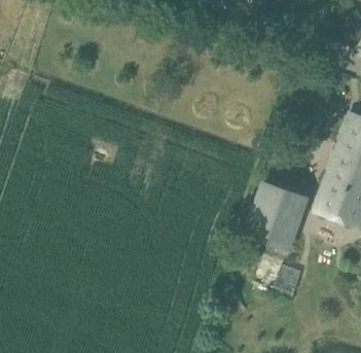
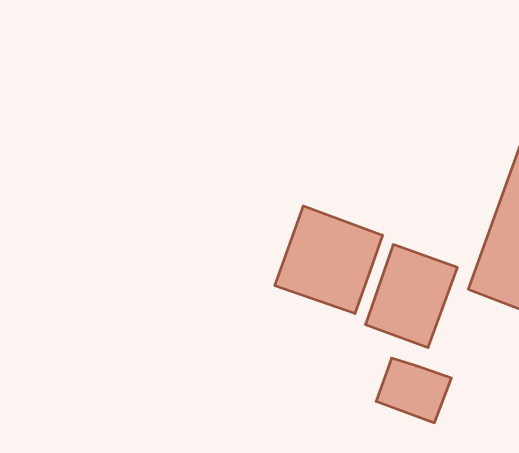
building: none -> [275,206,382,314]

